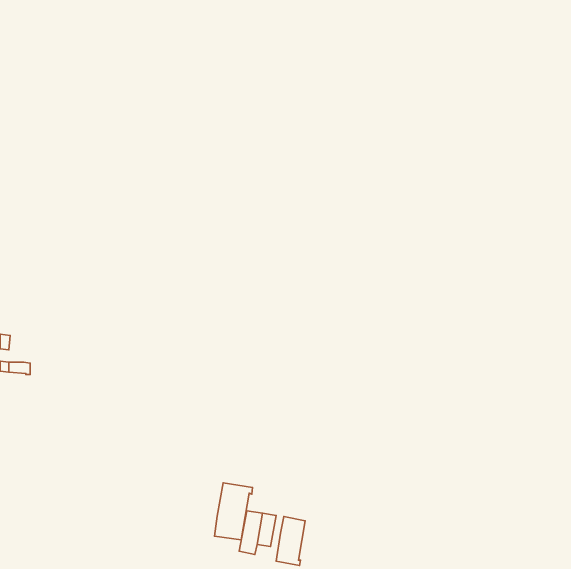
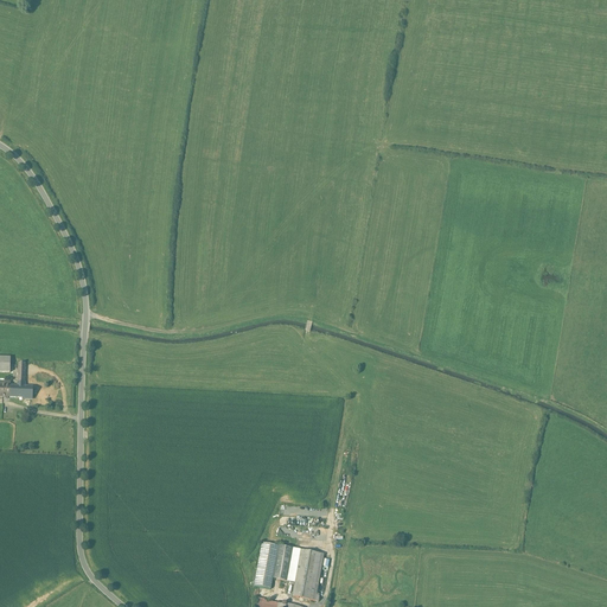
building: [215,483,253,540] -> none

